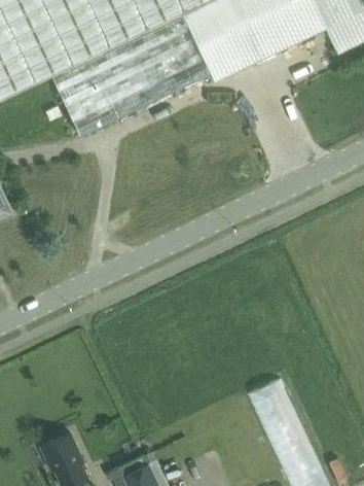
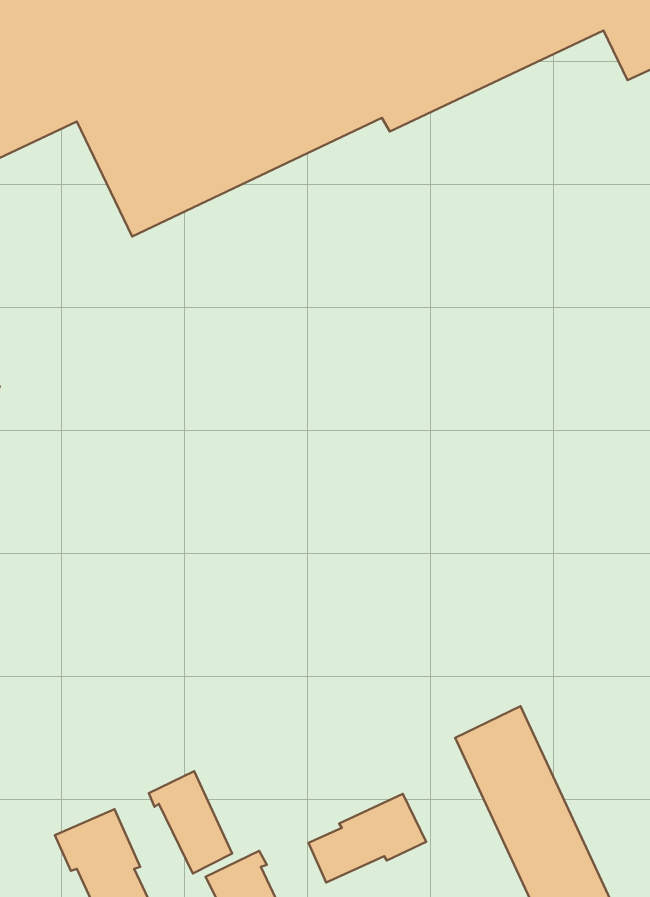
building: none -> [149,771,232,874]
building: none -> [309,794,426,882]

